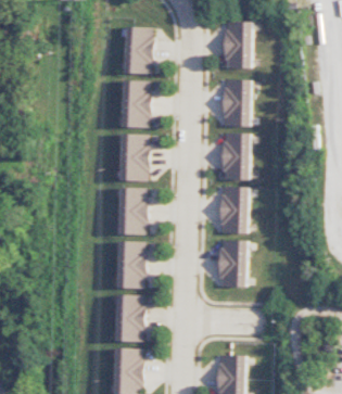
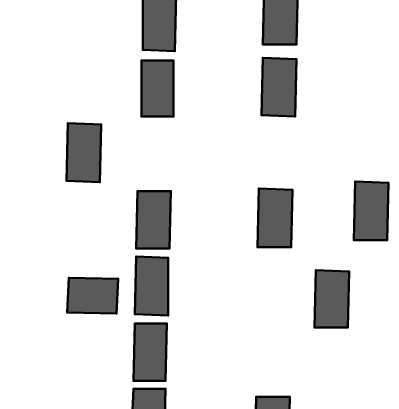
building: [220,132,249,180] -> [354,182,388,240]
building: [121,134,149,181] -> [66,123,101,182]
building: [217,240,245,287] -> [314,270,349,327]
building: none -> [67,278,118,314]

